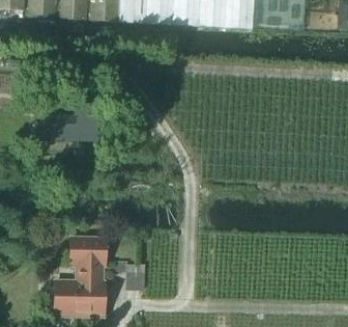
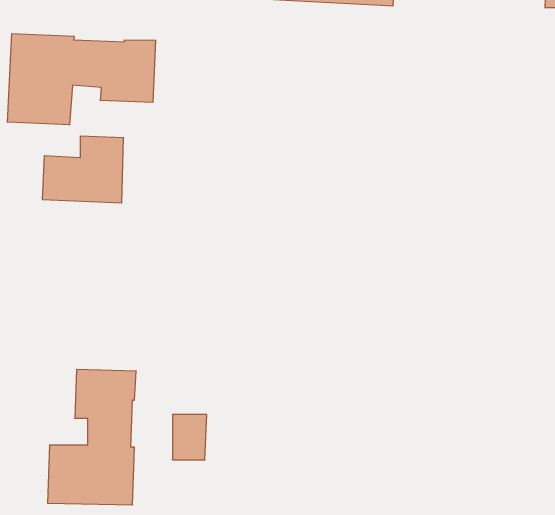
building: none -> [7,34,156,125]

